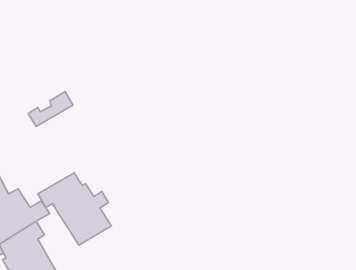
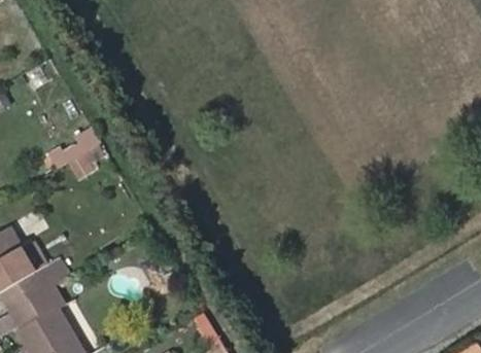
building: [38,173,111,245] -> none

